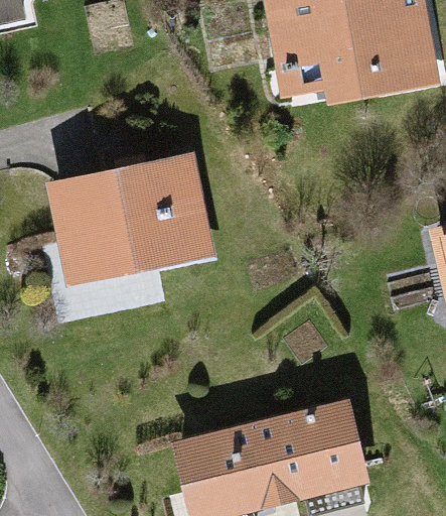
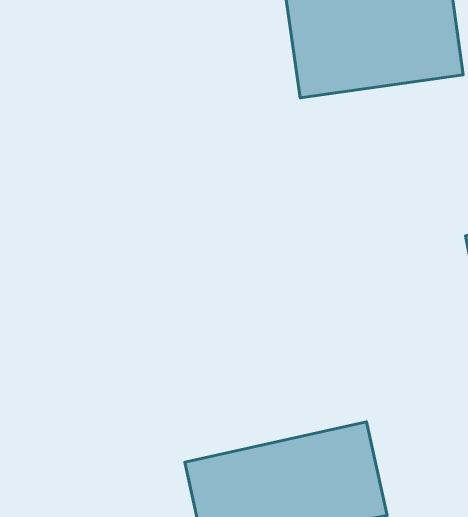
building: [50,163,209,284] -> none

